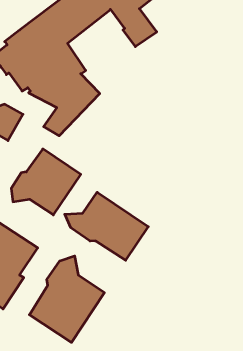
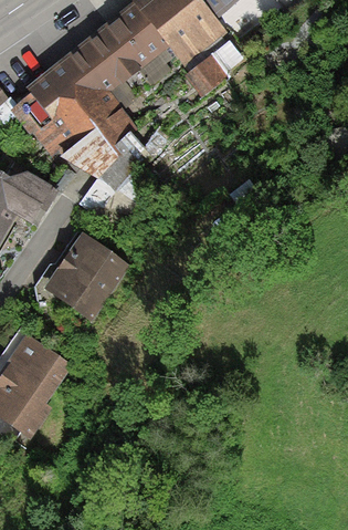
building: [65,192,148,260] -> none
building: [29,256,104,342] -> none

